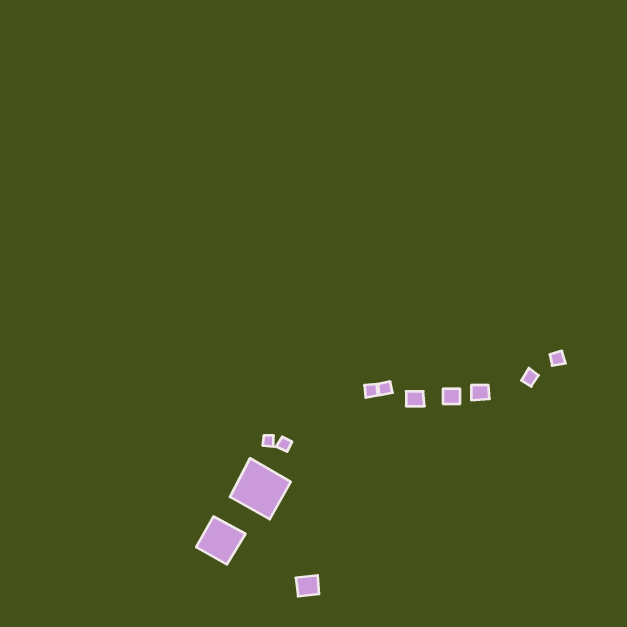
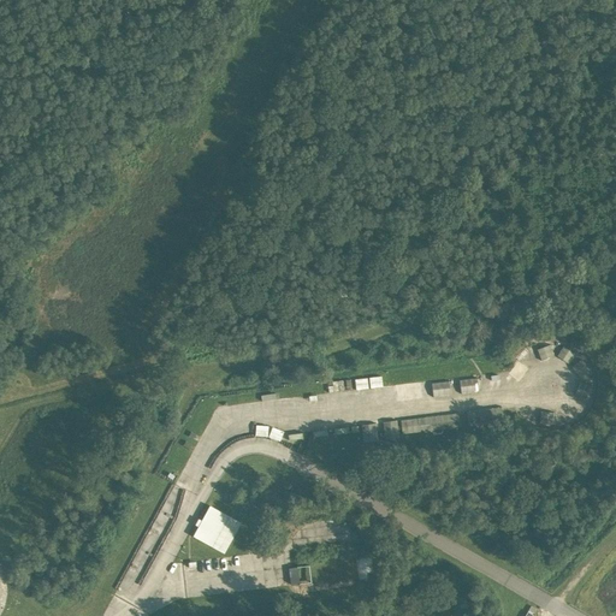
building: [230,458,291,519] -> none

